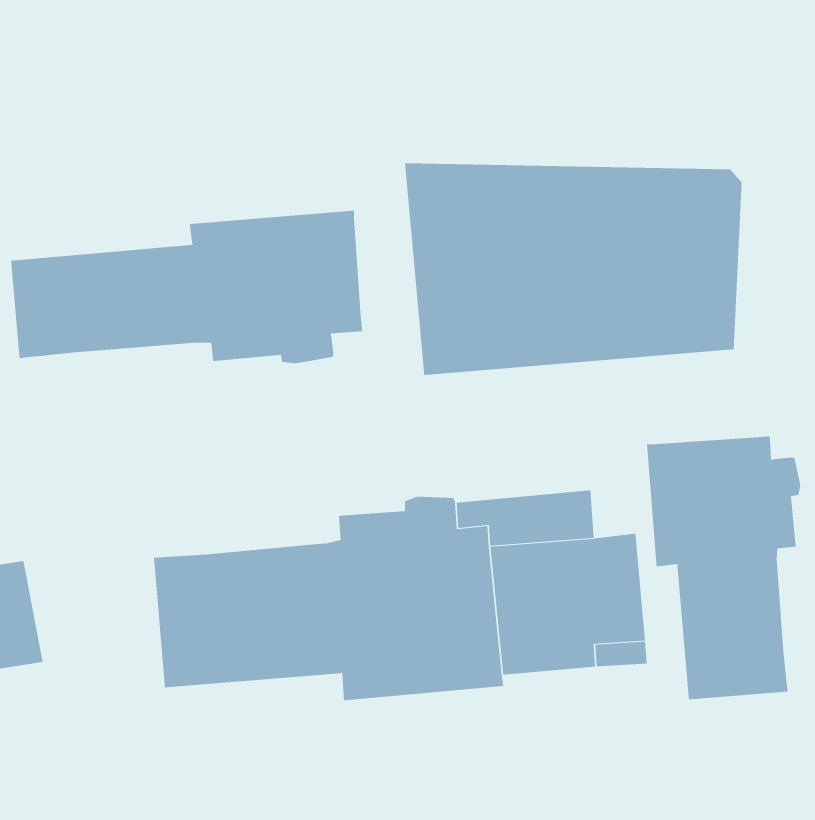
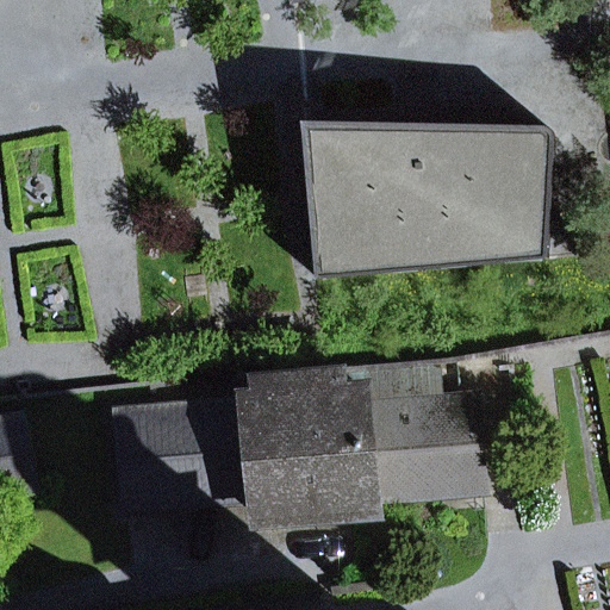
building: [10,210,363,364] -> none
building: [647,435,801,700] -> none

